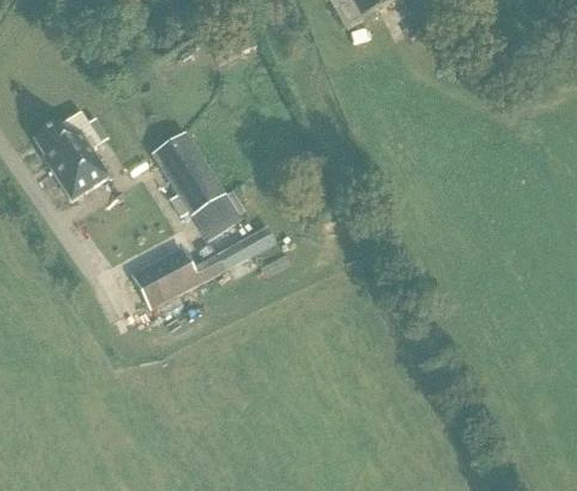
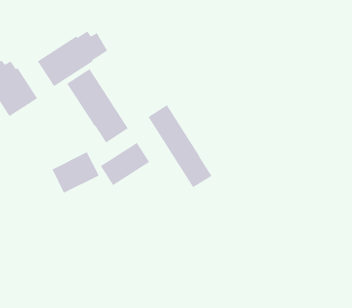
building: none -> [37,30,108,87]
building: none -> [148,104,212,188]

